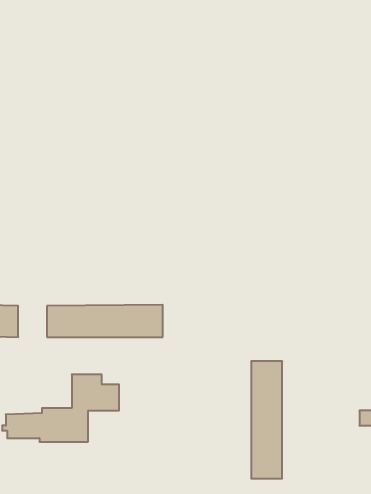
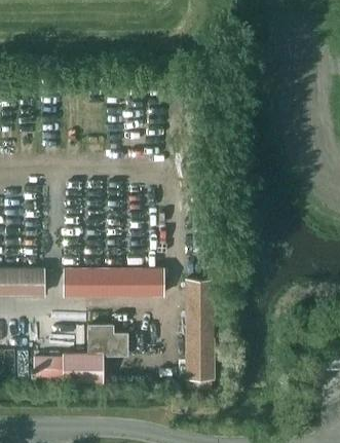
building: [251,361,282,478] -> [186,281,212,377]

